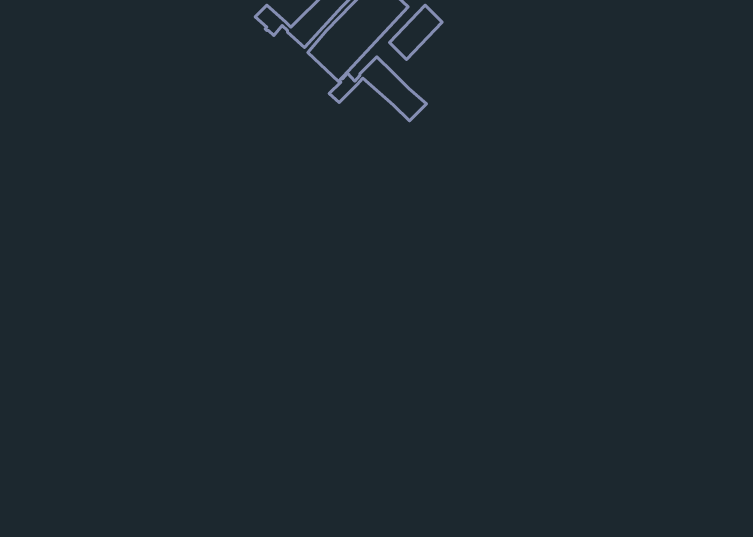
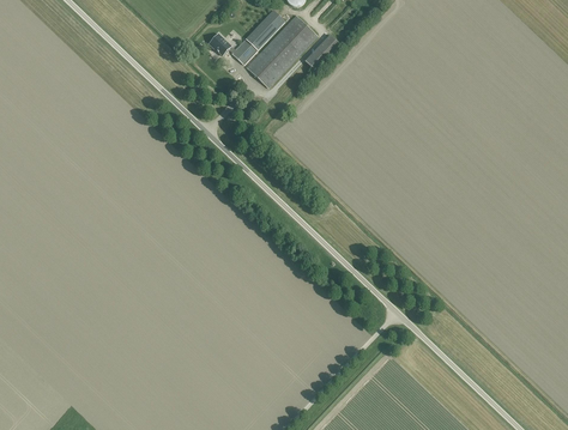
building: [329,57,426,121] -> none

